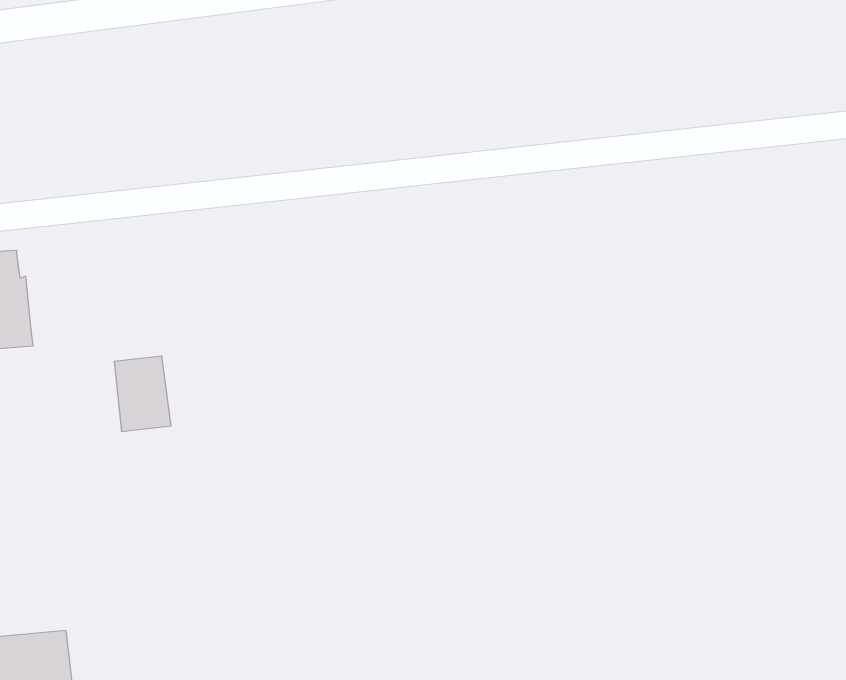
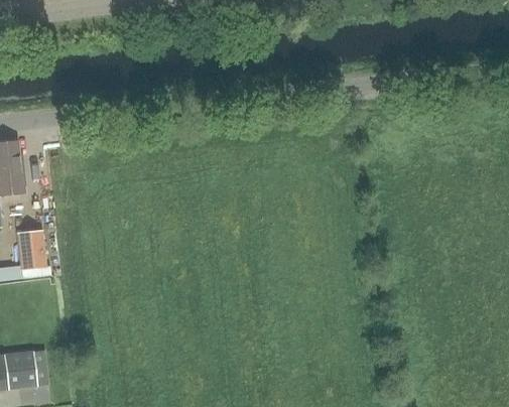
building: [114,356,171,431] -> [16,229,47,270]

